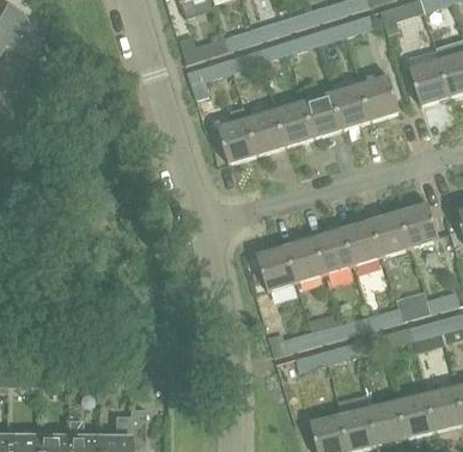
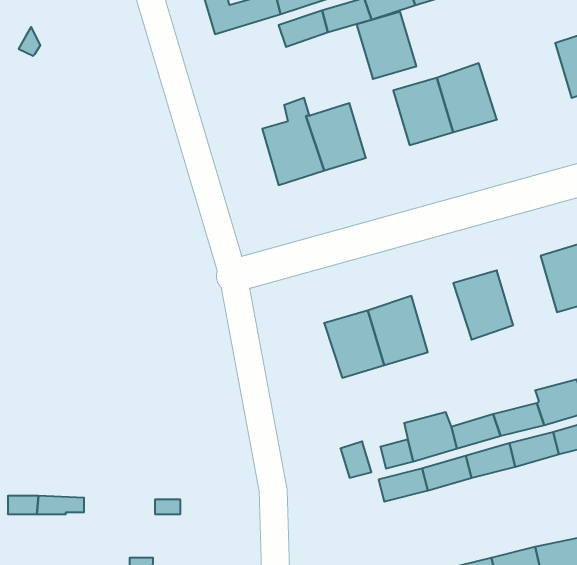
building: [188,59,232,100] -> none
building: [359,75,400,121] -> none
building: [274,102,313,146] -> [356,12,416,79]
building: [371,210,410,256] -> none
building: [315,228,354,274] -> none

